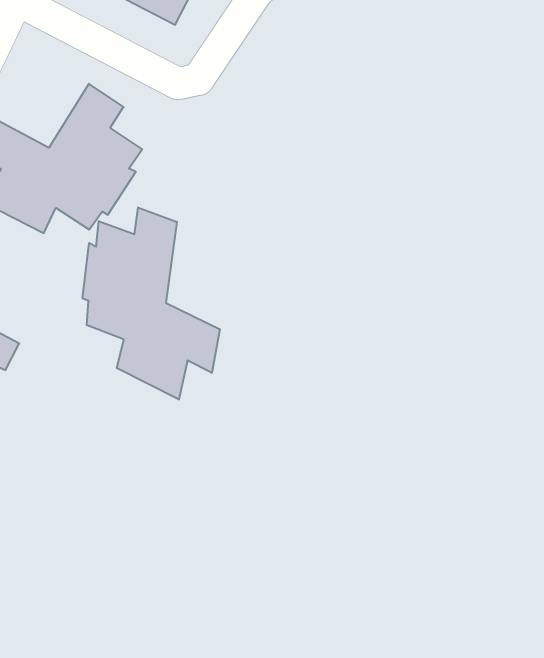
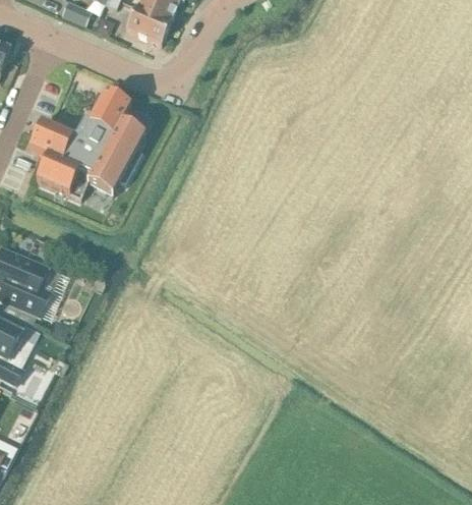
building: [83,207,220,400] -> none

